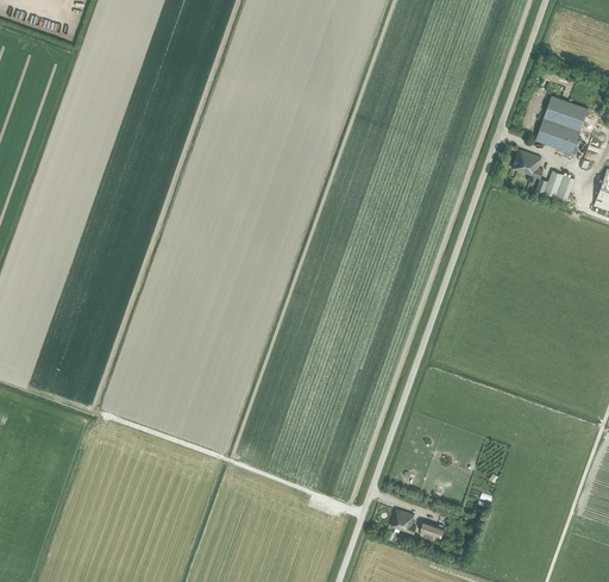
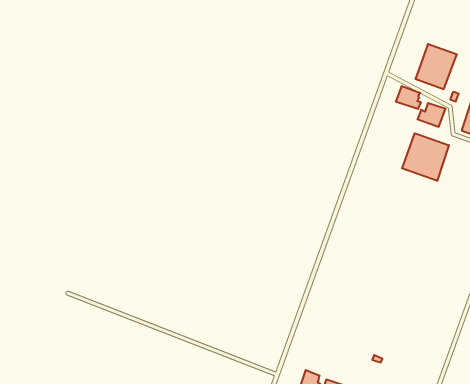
building: none -> [402,133,449,181]

